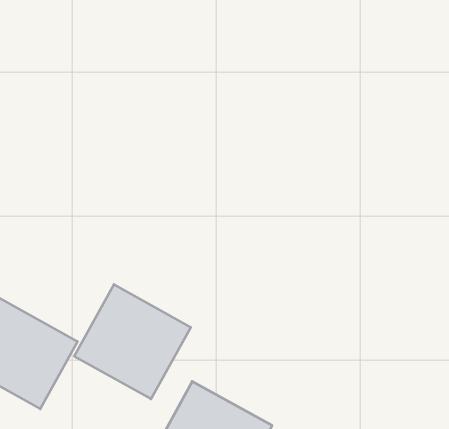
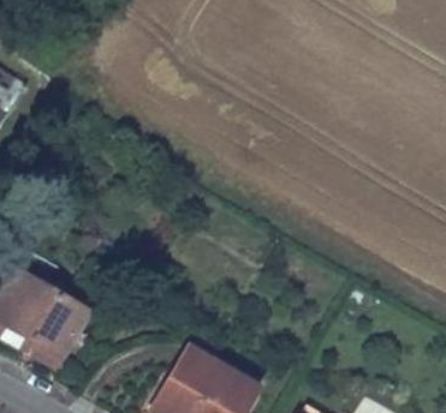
building: [74,284,191,399] -> none

